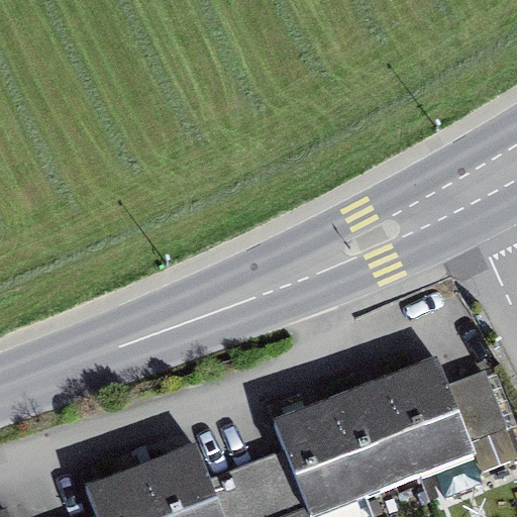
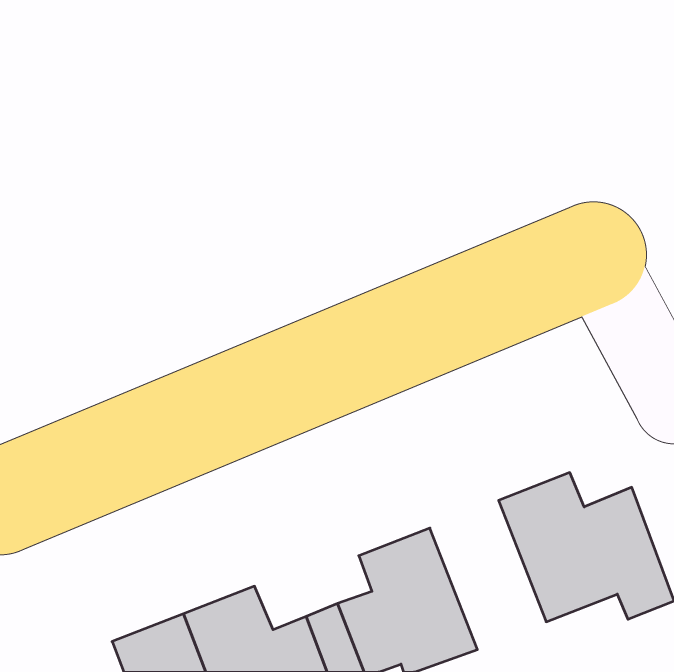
building: [329,383,418,497] -> none

